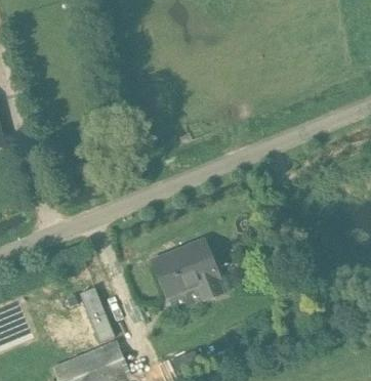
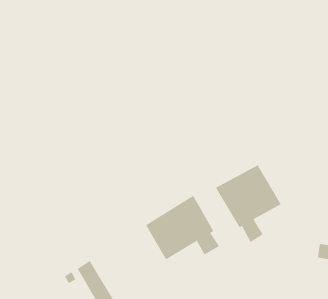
building: none -> [215,165,281,243]

